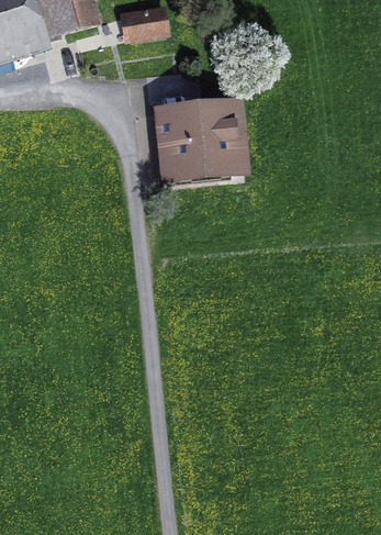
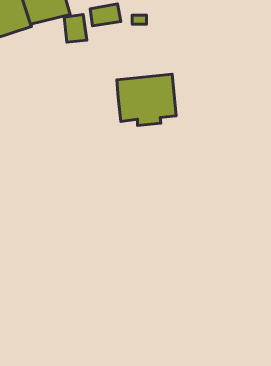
building: none -> [64,14,87,42]
building: [156,135,232,185] -> none

